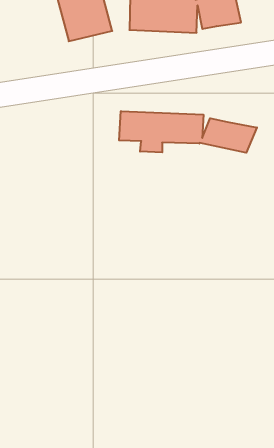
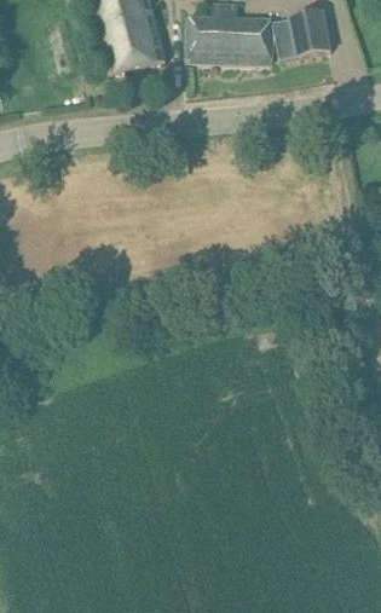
building: [119,111,257,153] -> none

